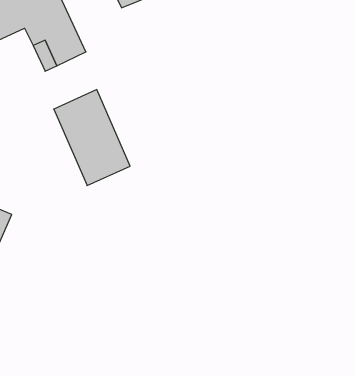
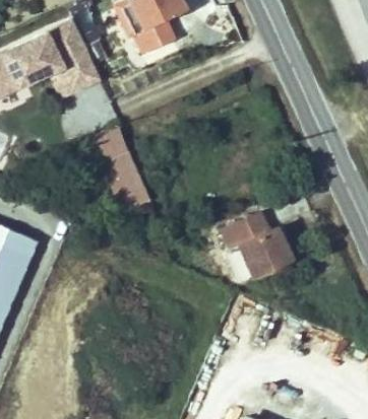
building: none -> [221,211,291,275]

